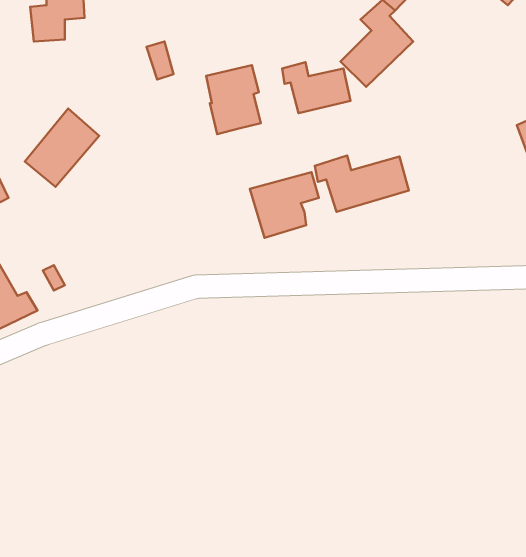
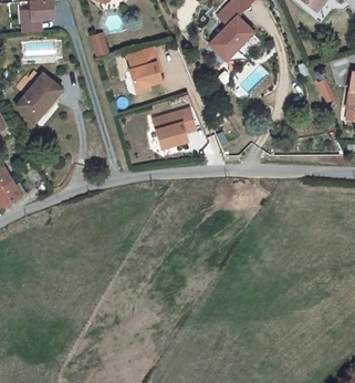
building: [282,62,351,113] -> none
building: [315,156,409,212] -> none

